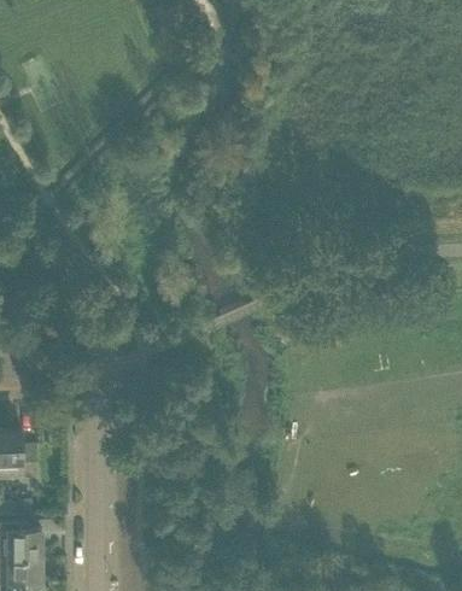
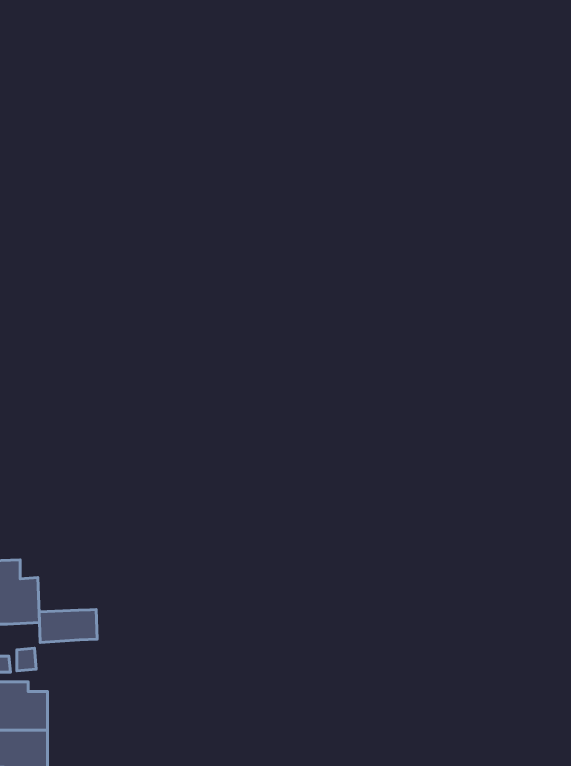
building: none -> [39,610,97,643]

